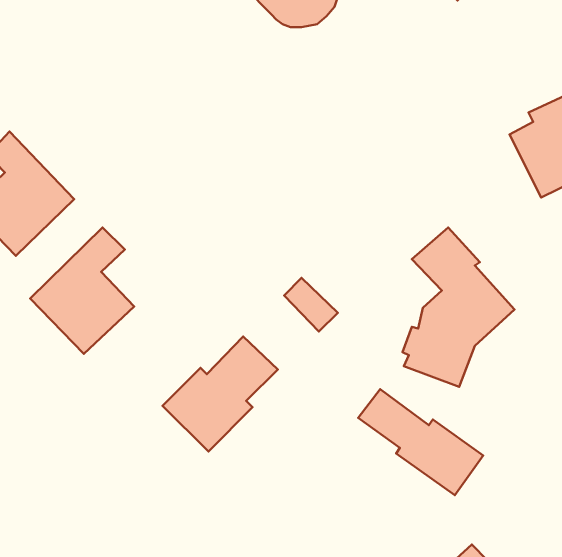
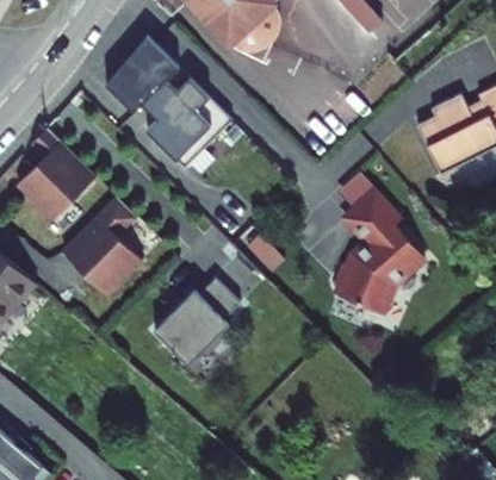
building: none -> [107,36,234,168]
building: [358,389,483,495] -> none

